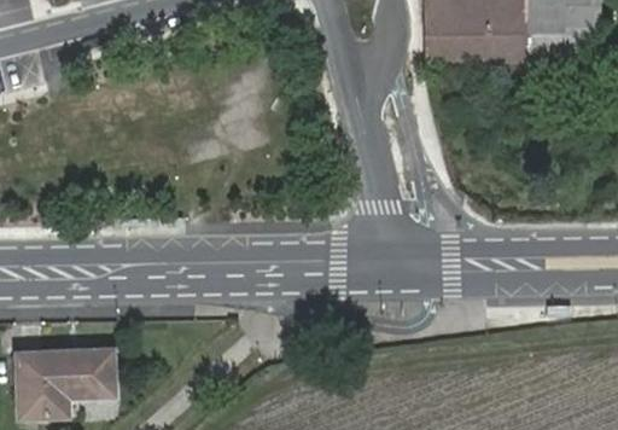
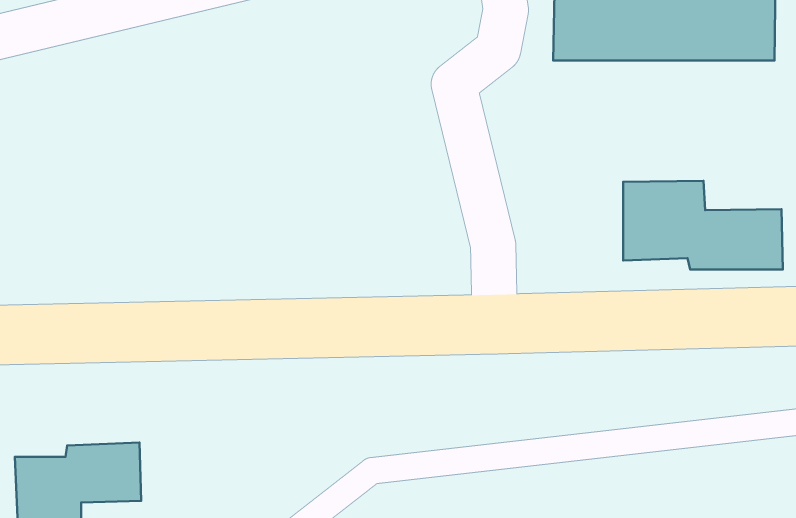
building: none -> [623,181,783,270]

